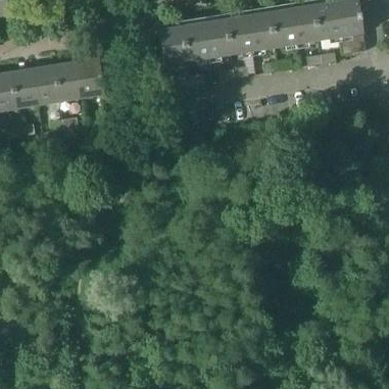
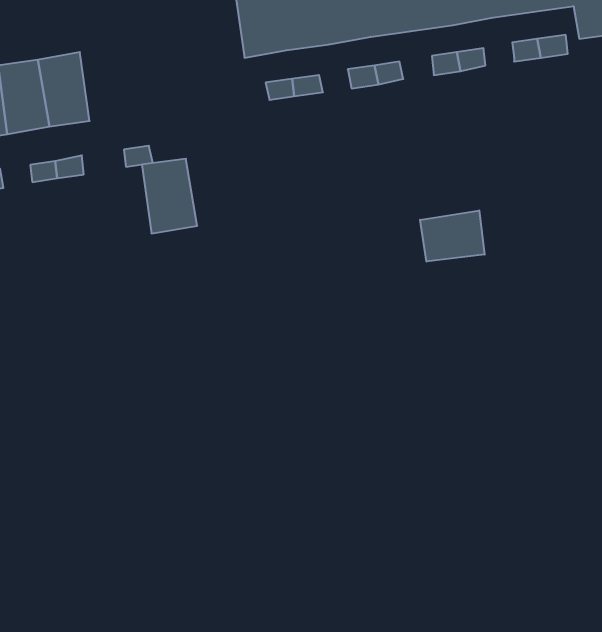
building: [76,57,105,97] -> [142,159,197,233]
building: none -> [420,210,485,262]

